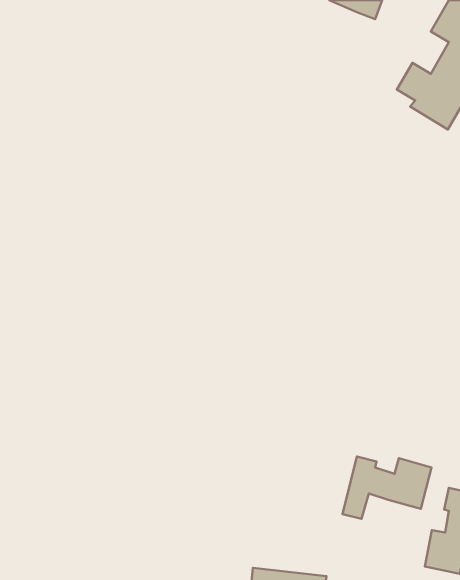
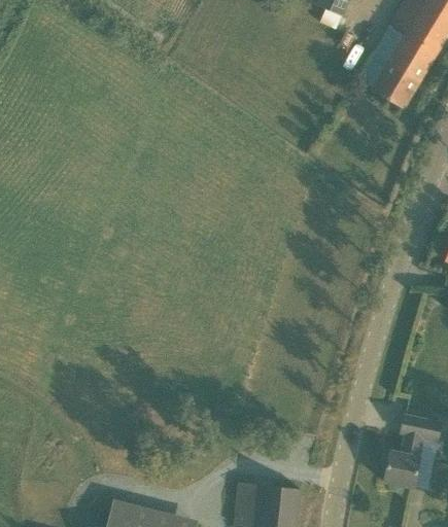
building: [343,457,432,519] -> none

